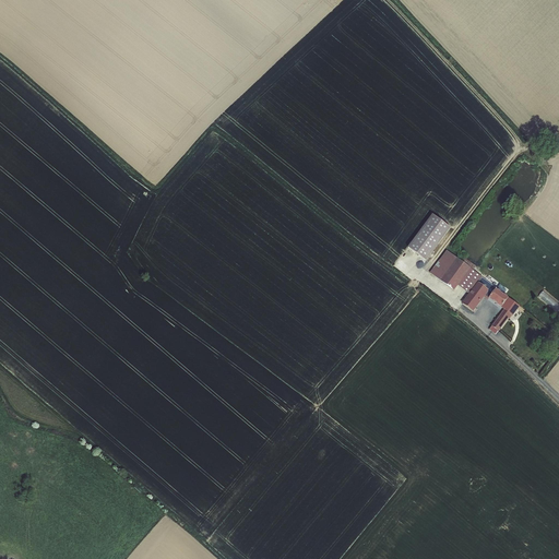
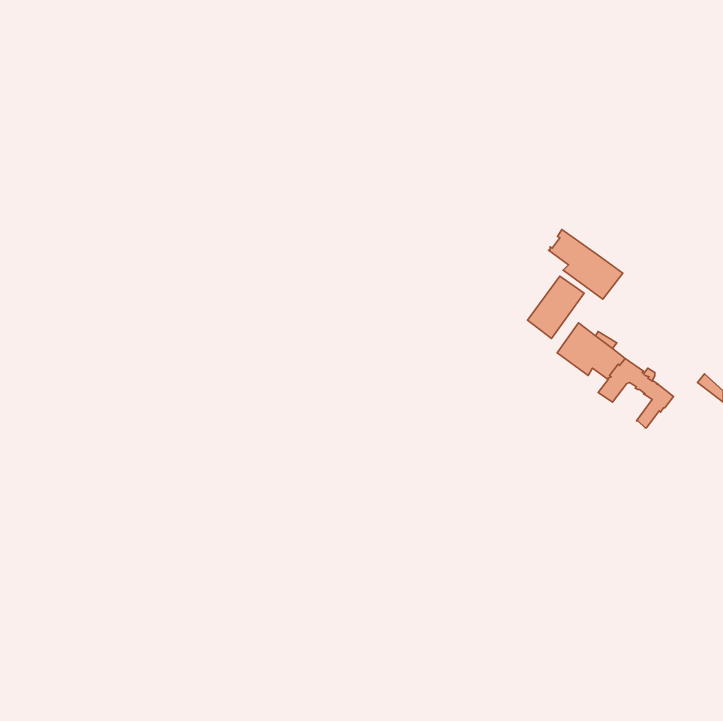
building: none -> [549,230,623,299]

